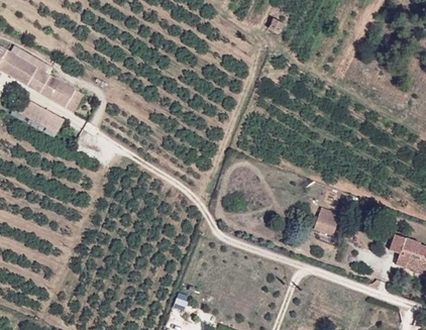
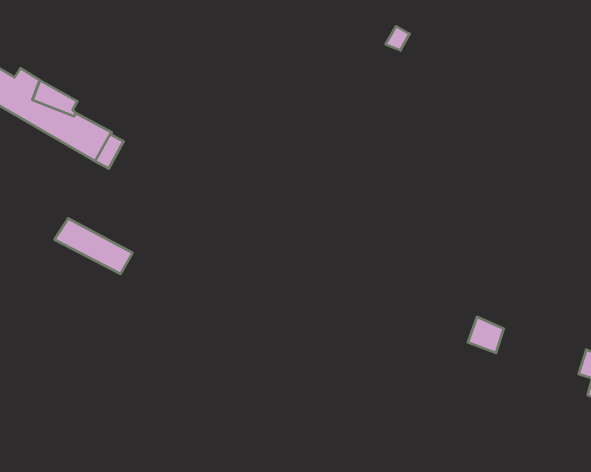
building: [15,97,68,134] -> [55,218,132,274]

